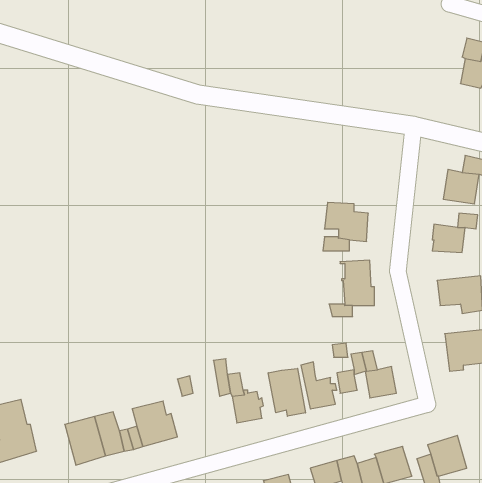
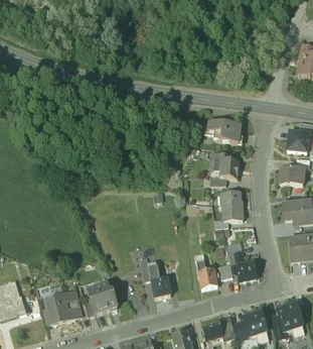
building: none -> [207,120,242,143]
building: [268,368,305,416] -> none

